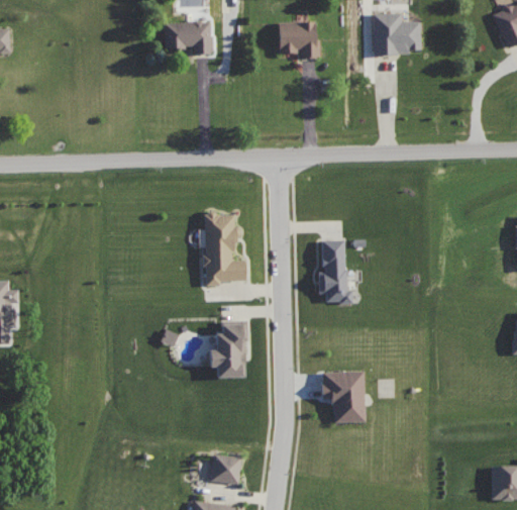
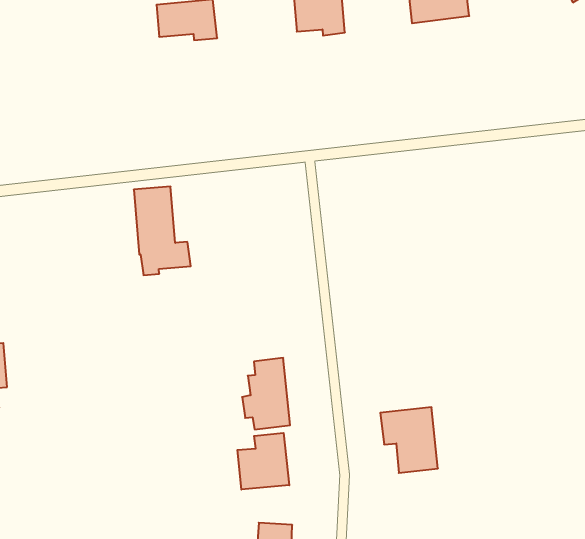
building: [203,214,244,285] -> [134,187,191,275]
building: [317,240,351,303] -> none
building: none -> [237,433,289,490]

